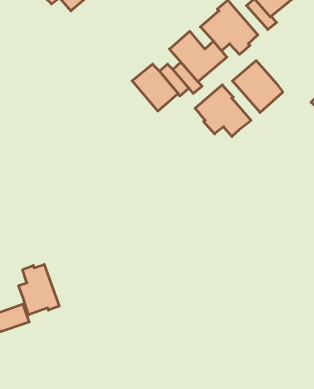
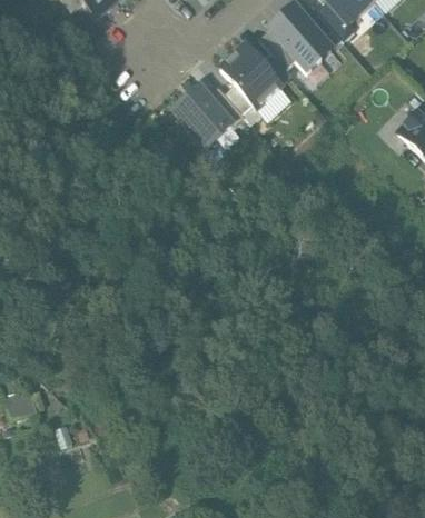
building: [232,61,283,113] -> none
building: [195,85,251,137] -> none
building: [19,264,59,315] -> none

